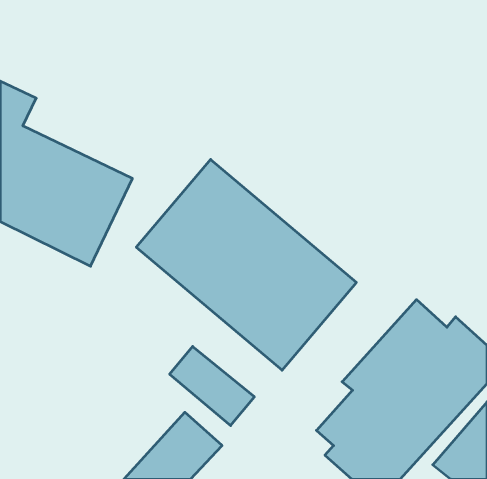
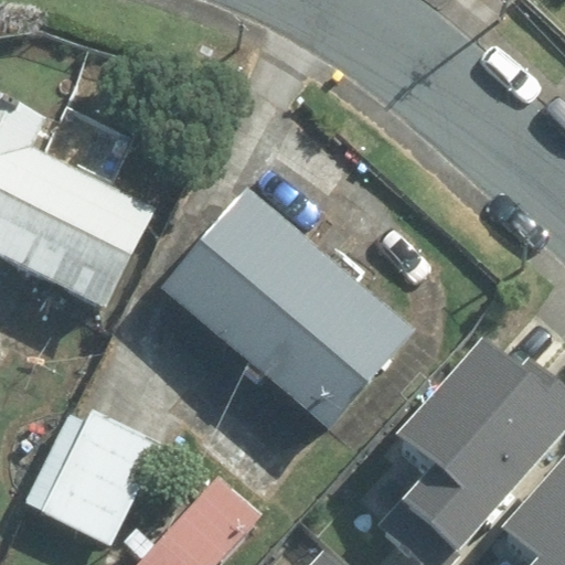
building: none -> [34,407,157,543]

